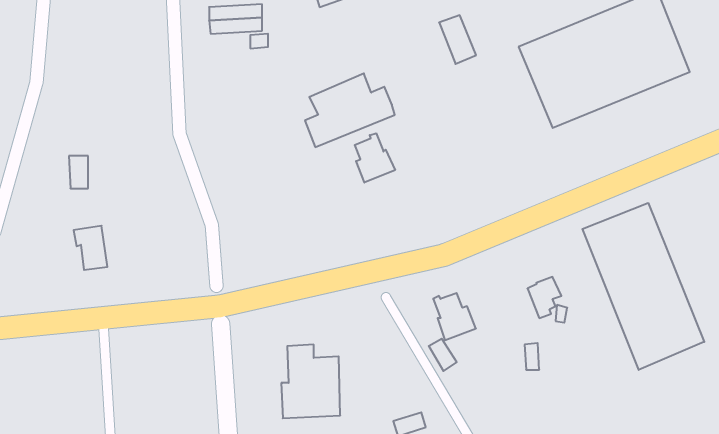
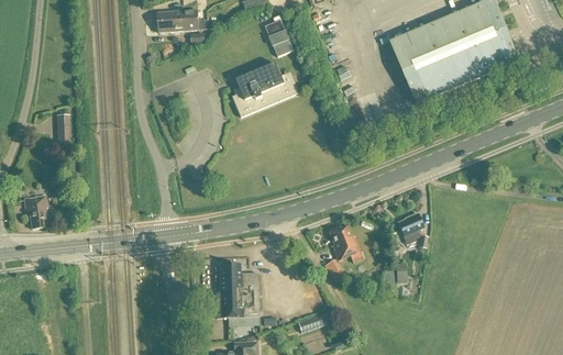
building: [439,15,476,64] -> [265,18,292,54]
building: [355,133,395,183] -> none
building: [582,203,704,370] -> none
building: [74,226,107,270] -> [22,193,47,226]

